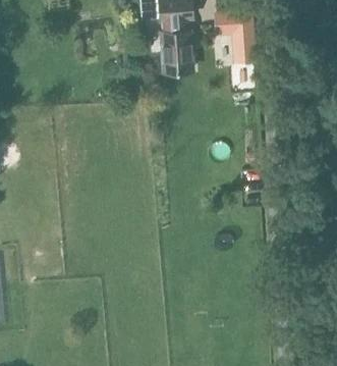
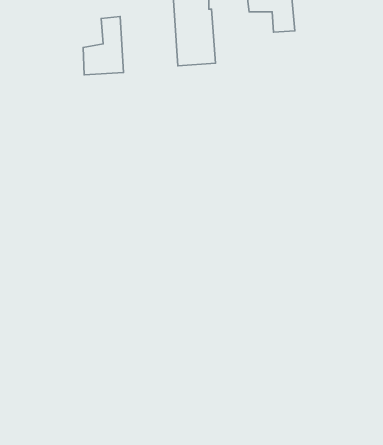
building: none -> [83,16,124,75]

